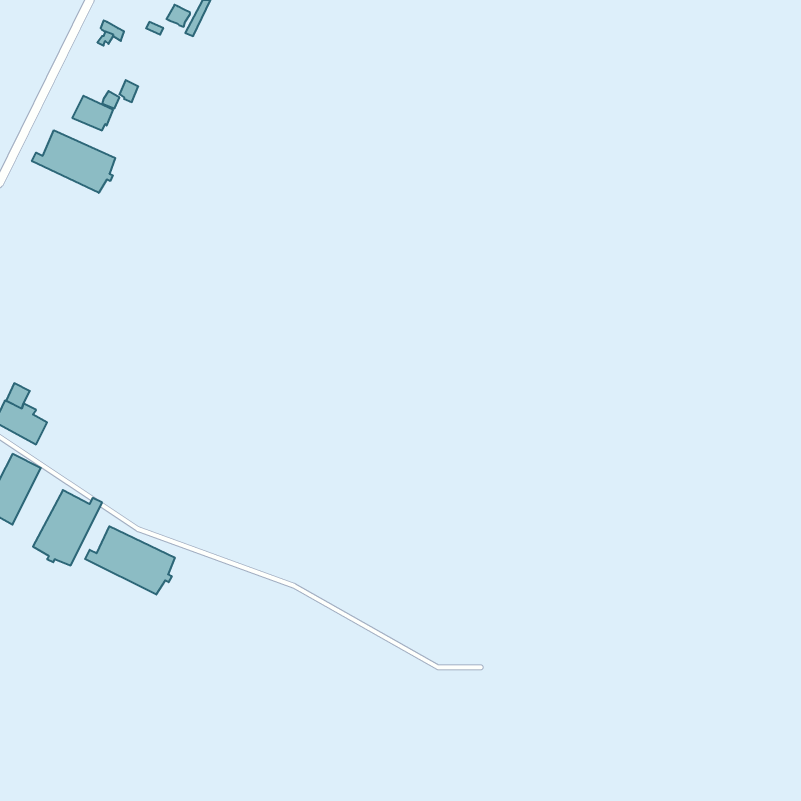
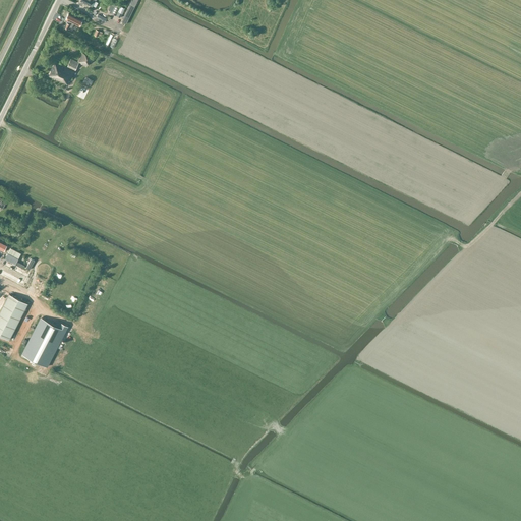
building: [32,130,115,193] -> none
building: [85,526,175,595] -> none

